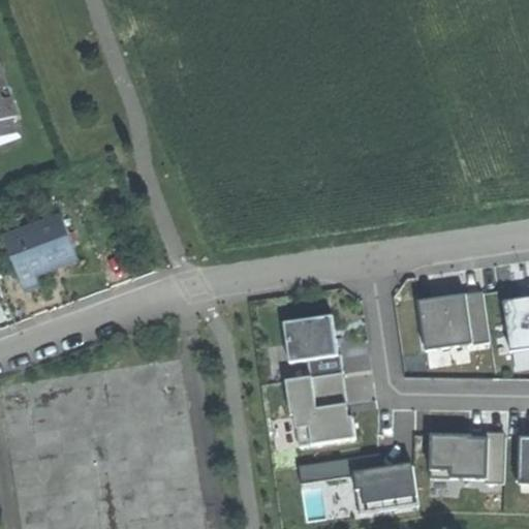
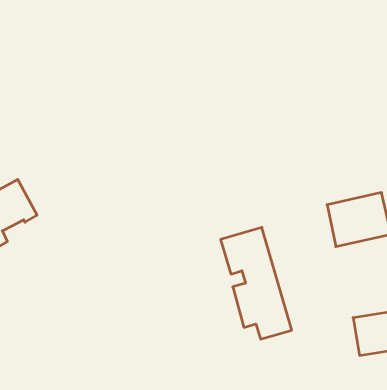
building: [298,456,418,504] -> none

